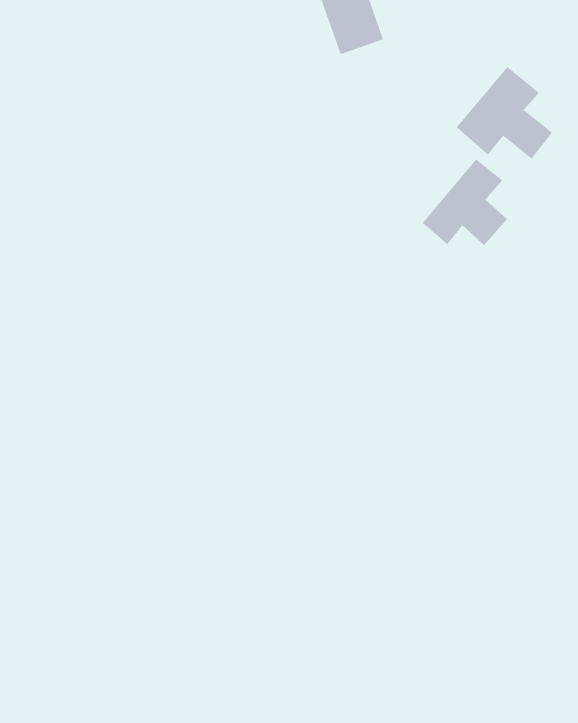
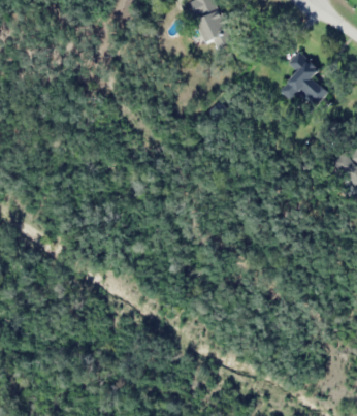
building: [422,159,508,246] -> none

